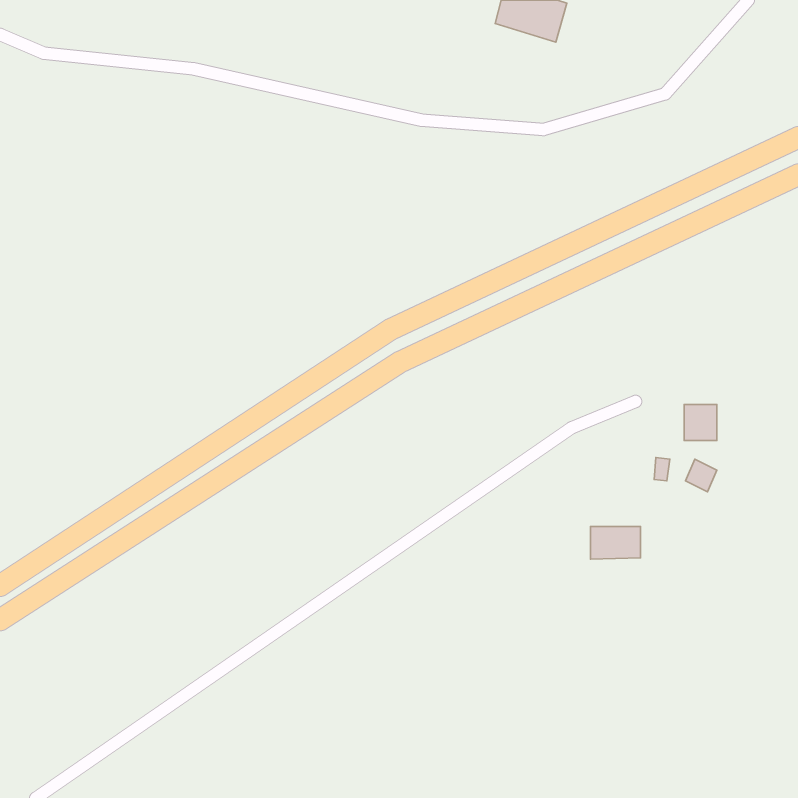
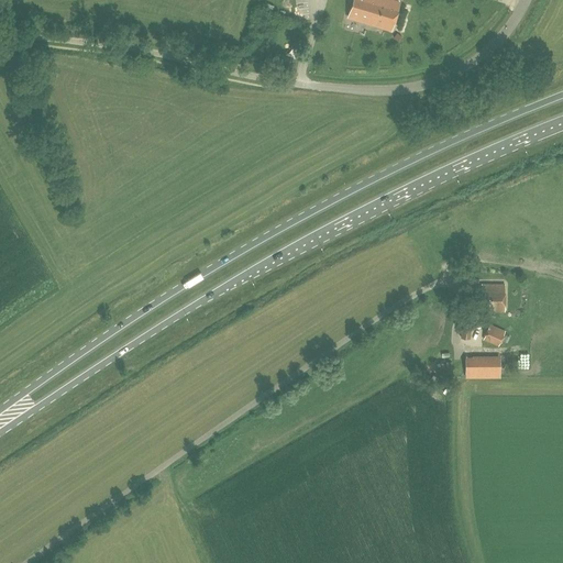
building: [590,527,640,559] -> [465,355,500,378]

